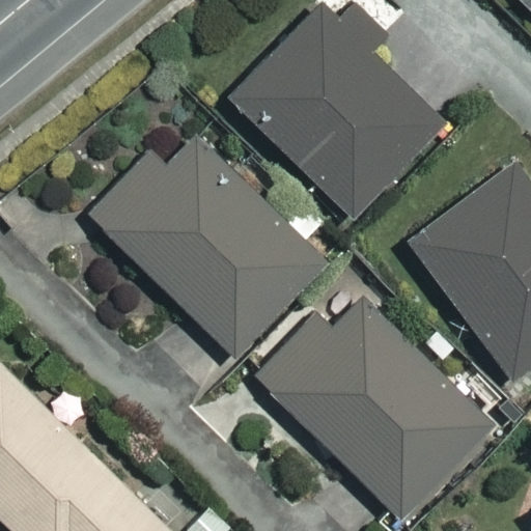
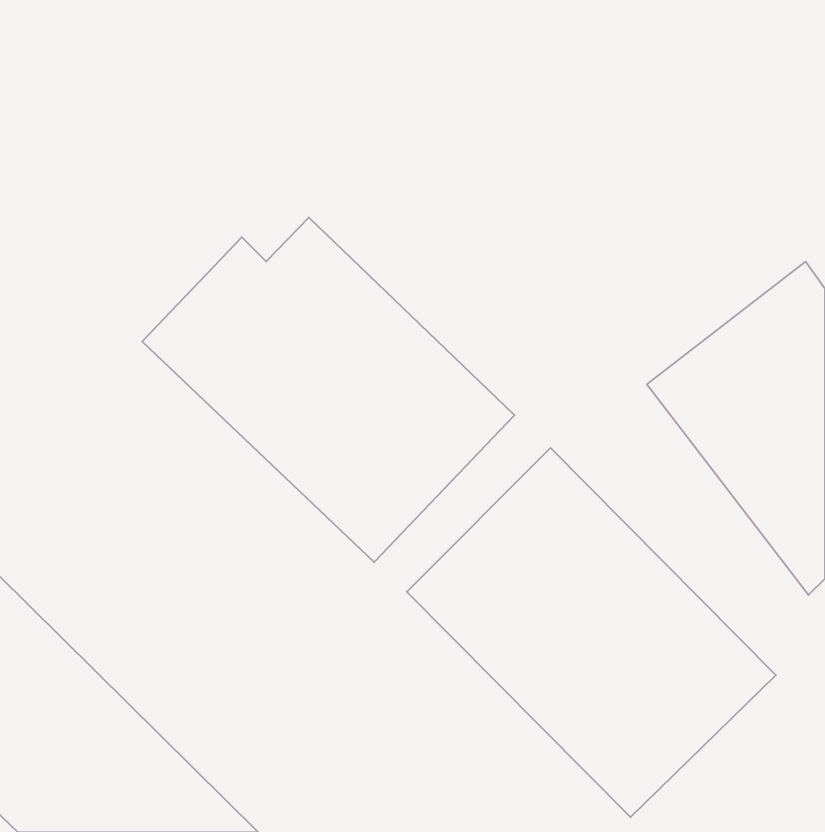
building: [232,7,444,219] -> none

